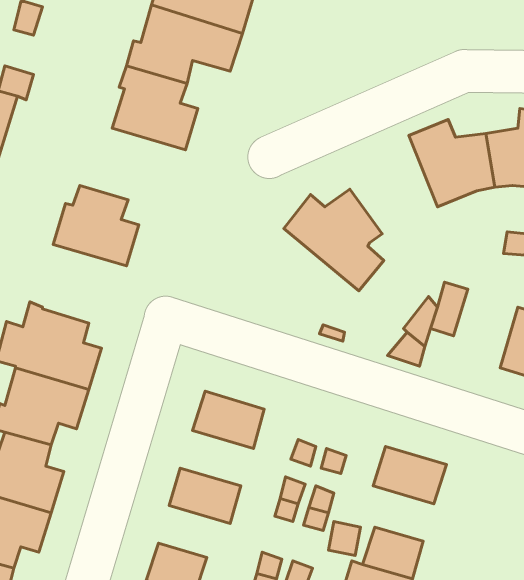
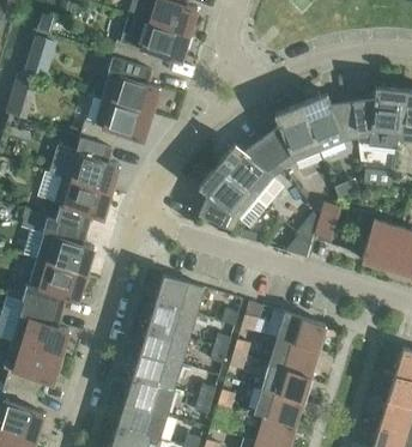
building: none -> [79,99,150,147]
building: none -> [260,104,319,170]
building: none -> [198,167,266,231]
building: none -> [53,177,110,230]
building: none -> [146,302,195,339]
building: none -> [268,339,316,376]
building: none -> [132,352,180,389]

